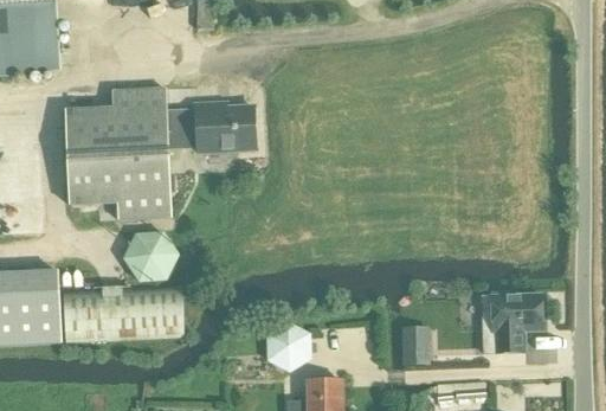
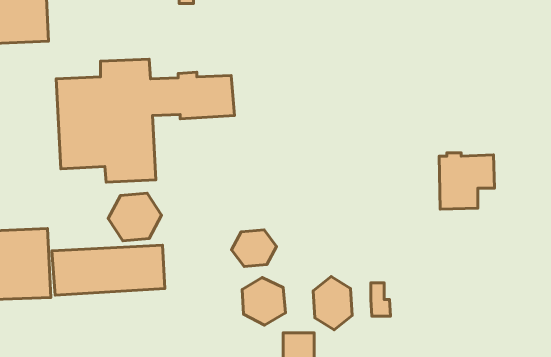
building: none -> [232,230,277,267]
building: [482,291,541,352] -> [439,153,495,209]
building: none -> [313,276,352,330]

